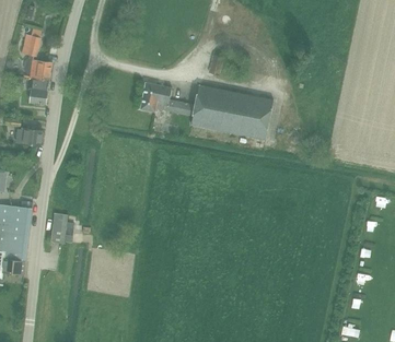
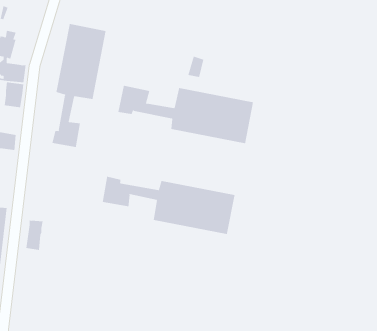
building: none -> [52,23,106,148]
building: none -> [102,176,235,235]

